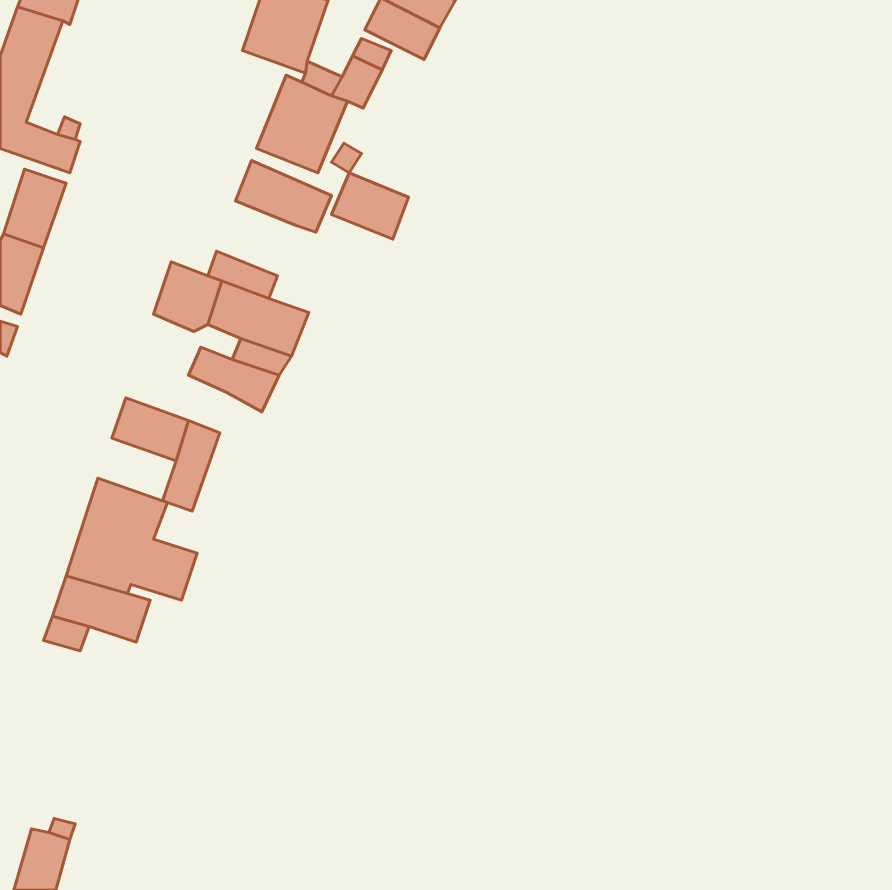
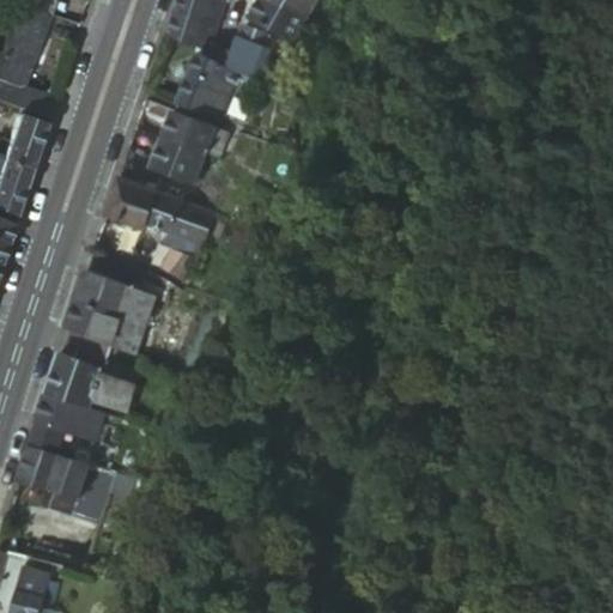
building: [332,173,408,239] -> [150,138,202,183]
building: none -> [67,301,121,344]
building: none -> [17,449,113,527]

